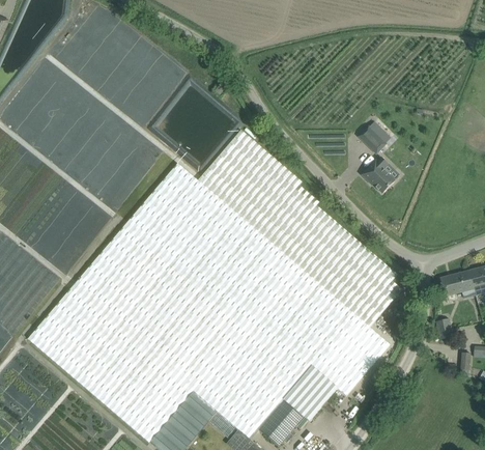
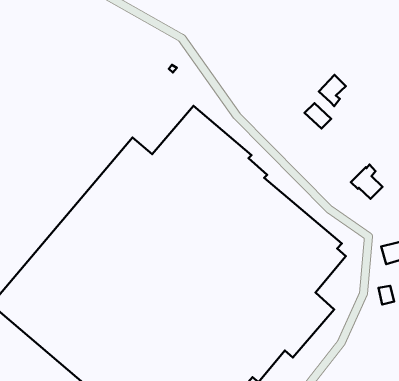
building: none -> [319,75,346,106]
building: [362,157,395,193] -> [351,164,382,199]

